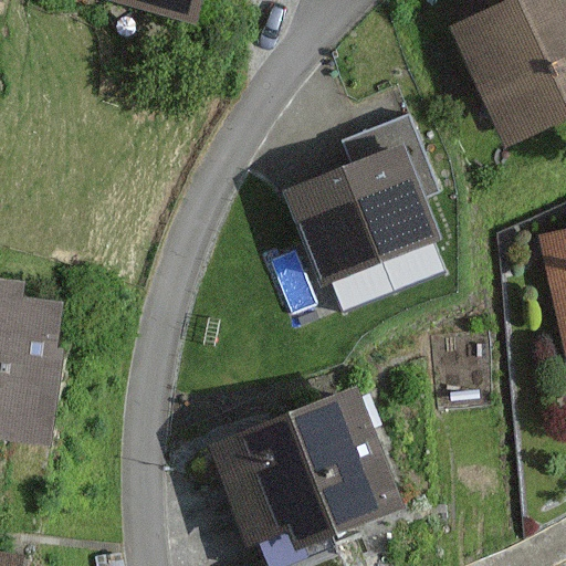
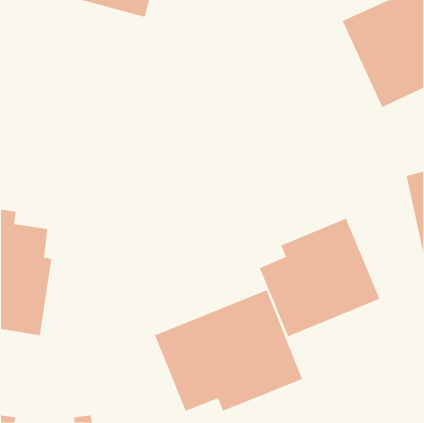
building: [287,146,434,282] -> none
building: none -> [259,218,380,337]

